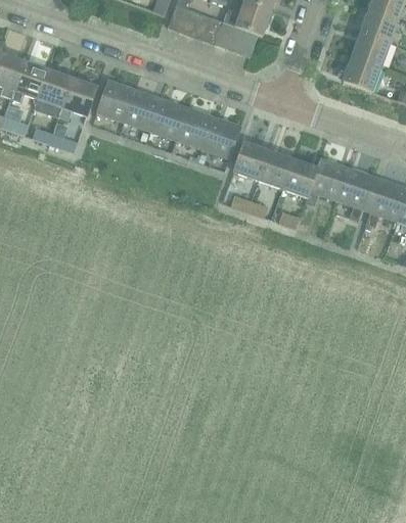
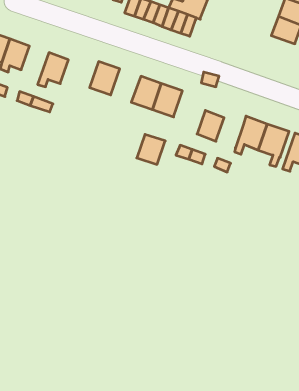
building: [343,56,381,91] -> none
building: [35,69,73,117] -> none
building: [97,80,135,122] -> none
building: [150,98,188,140] -> none
building: [233,142,269,180] -> [137,134,165,164]
building: [282,159,317,197] -> none

